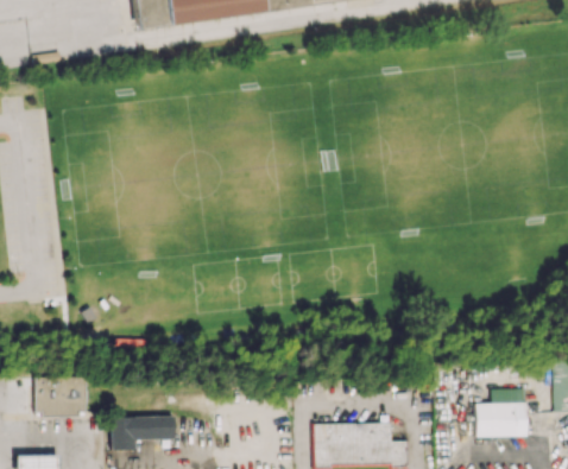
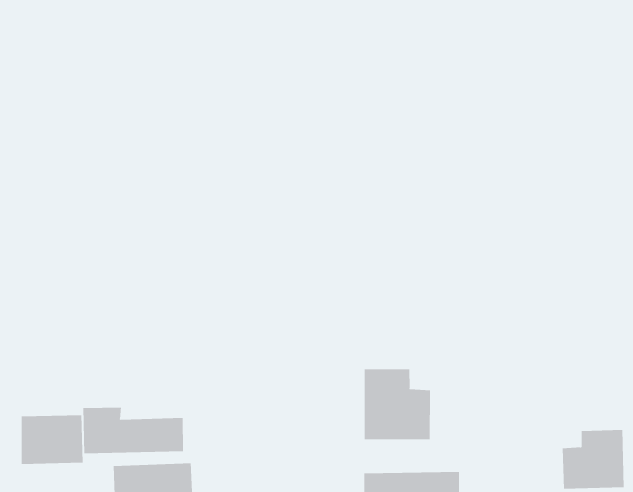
building: none -> [364,368,431,440]
building: none -> [83,407,183,454]

